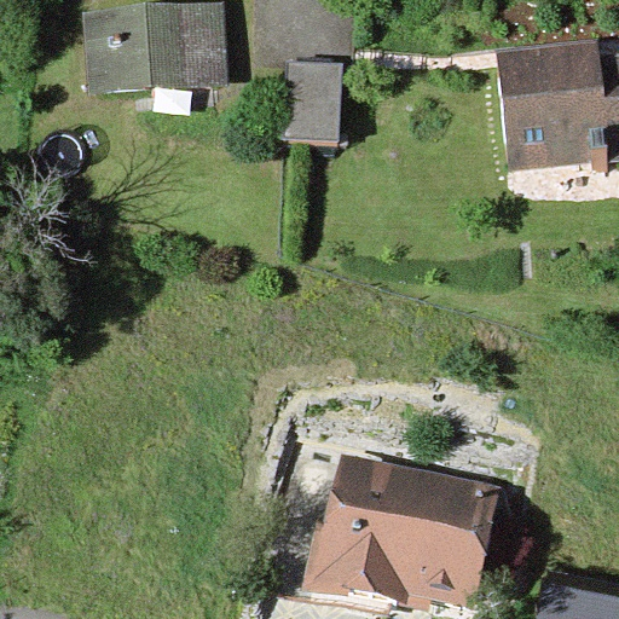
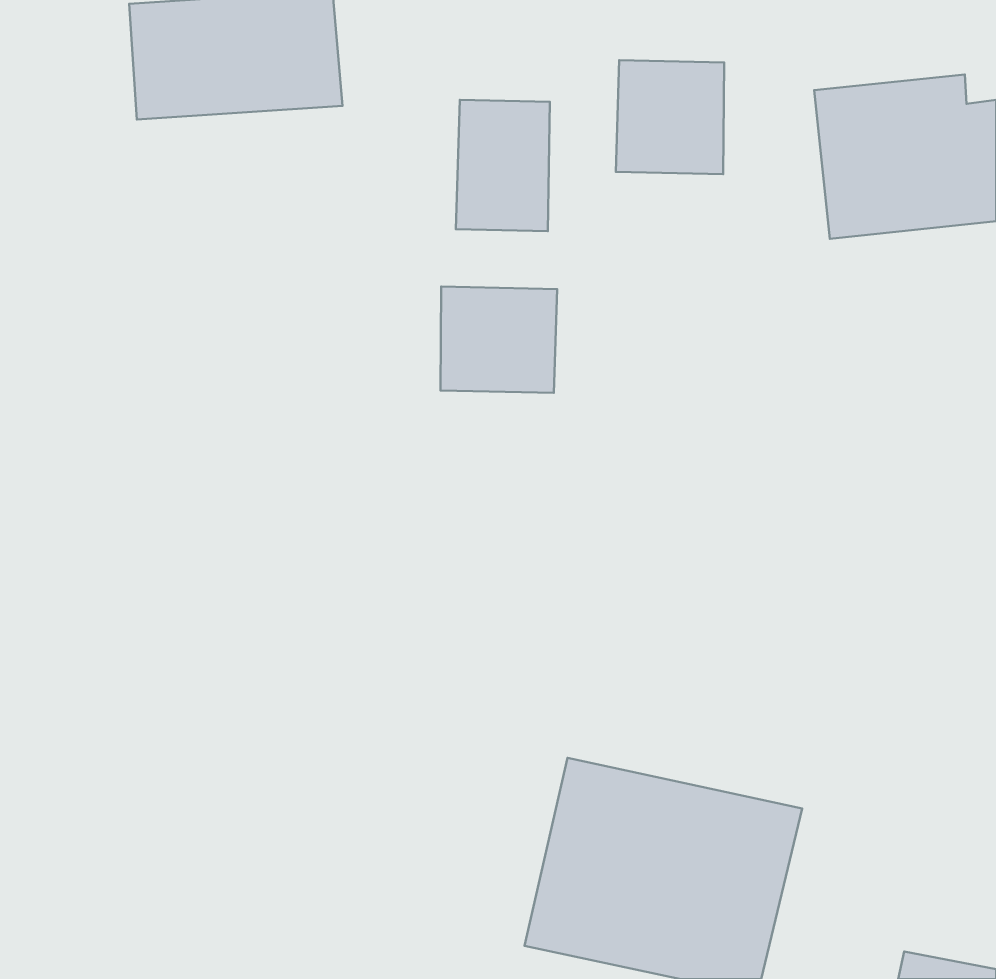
building: none -> [616,60,724,174]
building: none -> [441,287,557,393]

